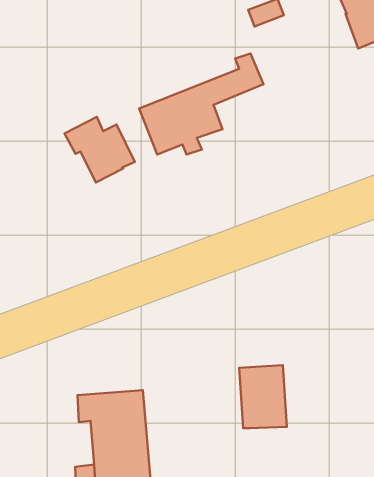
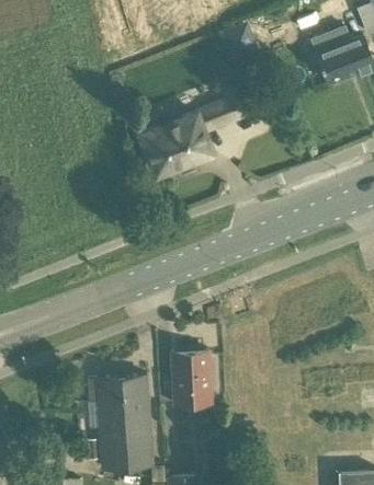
building: [64,117,135,183] -> none
building: [239,365,287,428] -> [171,350,212,404]

